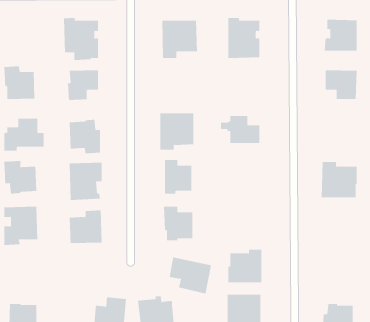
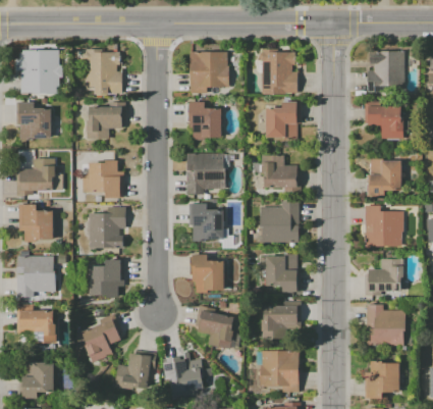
building: none -> [20,52,58,94]
building: none -> [187,102,220,140]
building: none -> [264,102,301,139]
building: none -> [368,159,400,197]
building: none -> [260,201,299,243]
building: none -> [265,255,300,292]
building: none -> [364,259,402,296]
building: none -> [17,304,55,342]
building: none -> [365,305,403,347]
building: none -> [80,319,119,361]

